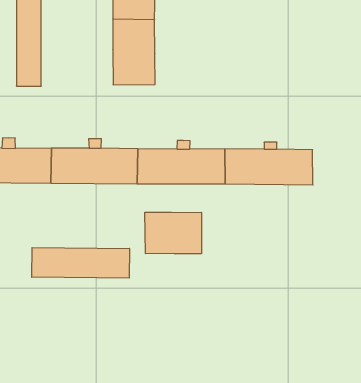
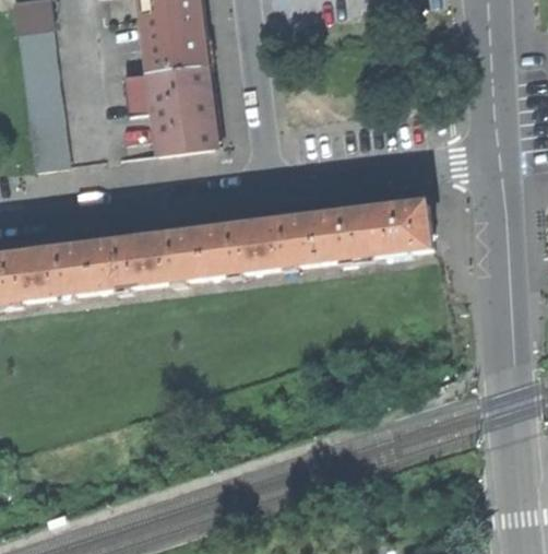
building: none -> [126,68,155,110]
building: [145,212,201,254] -> none
building: [32,248,129,278] -> none

